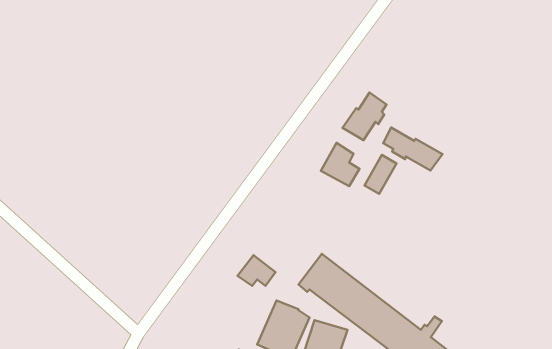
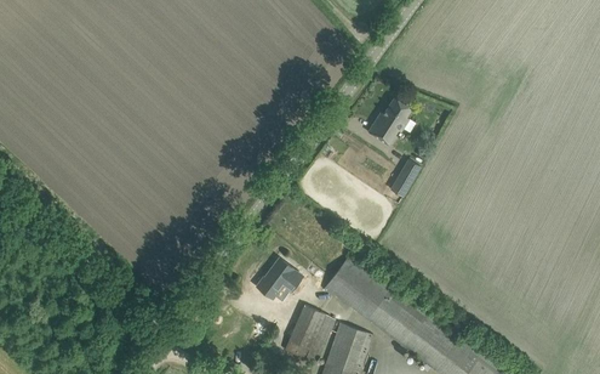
building: [383,127,442,171] -> none
building: [321,143,359,186] -> none

